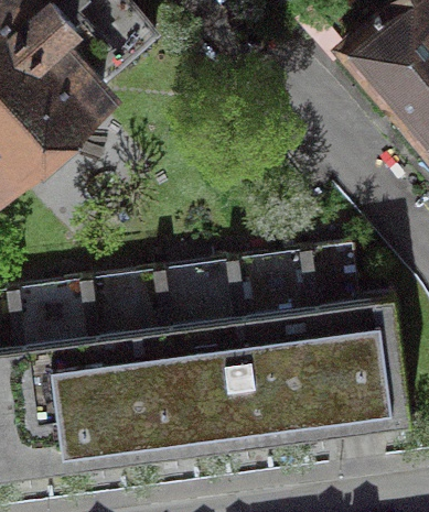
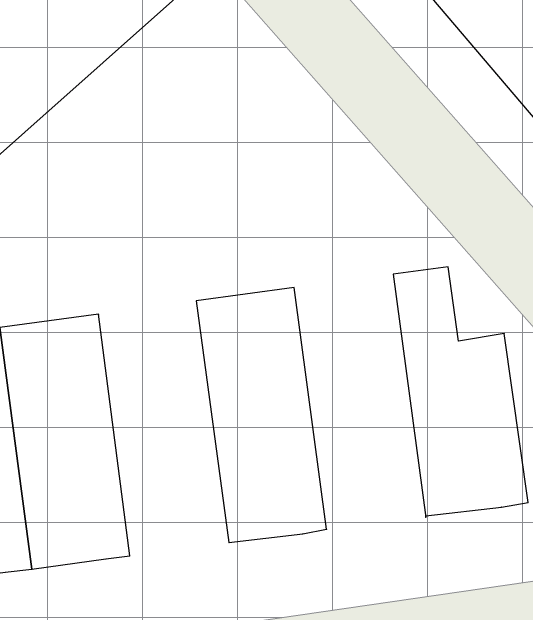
building: [237,249,335,438] -> none
building: [92,269,189,458] -> none

